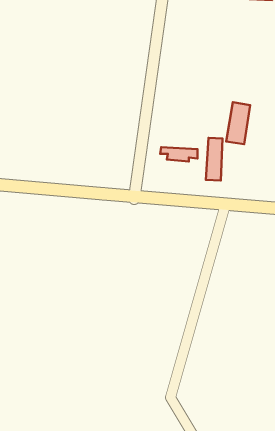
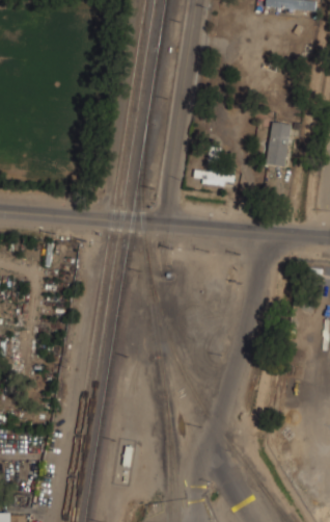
building: [206,138,223,181] -> none

